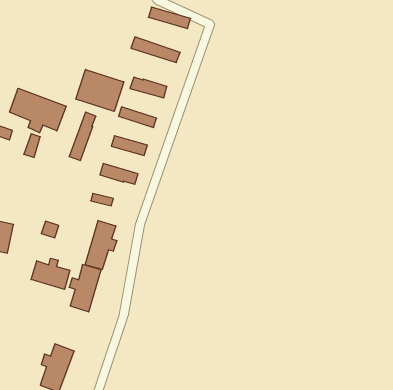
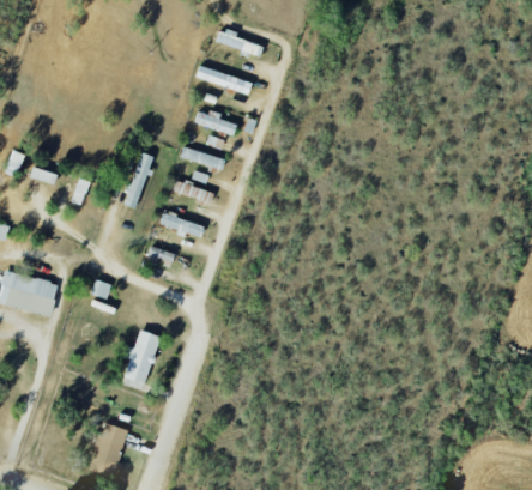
building: [76,69,124,111] -> none
building: [10,88,66,133] -> none
building: [85,220,117,270] -> none
building: [31,258,70,289] -> none

